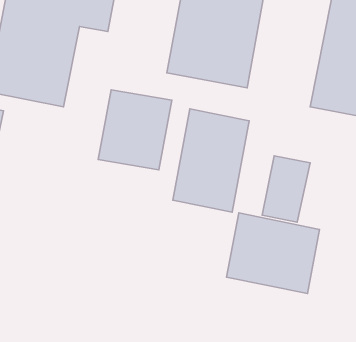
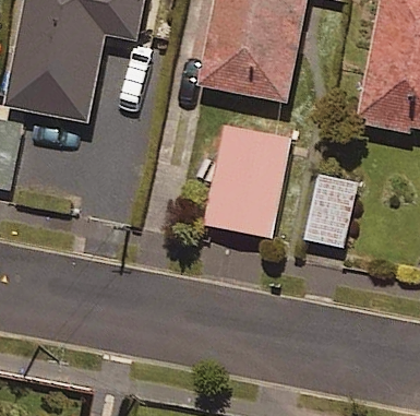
building: [98,90,172,170] -> none
building: [227,213,320,294] -> none

